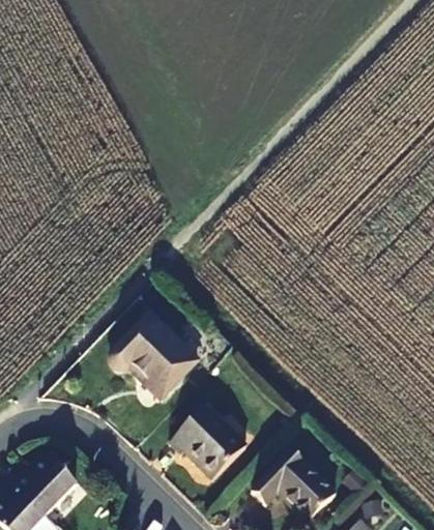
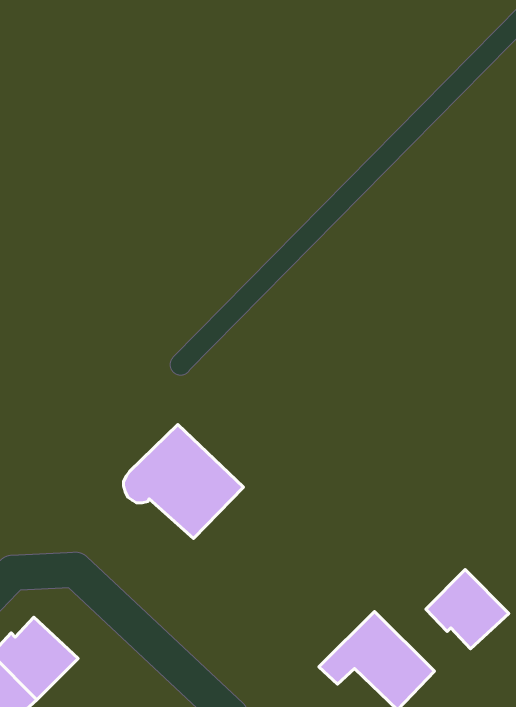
building: [171,407,245,478] -> none
building: none -> [426,570,509,649]

